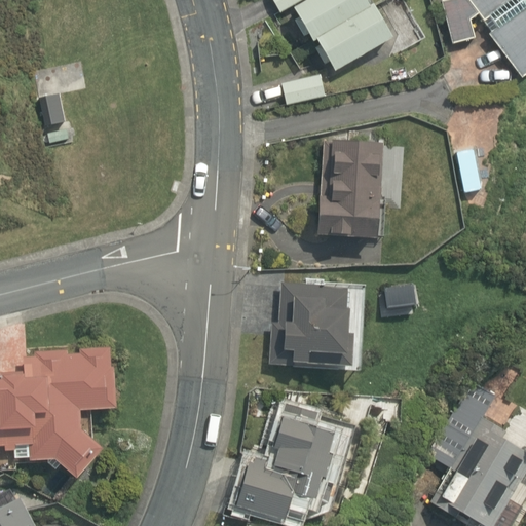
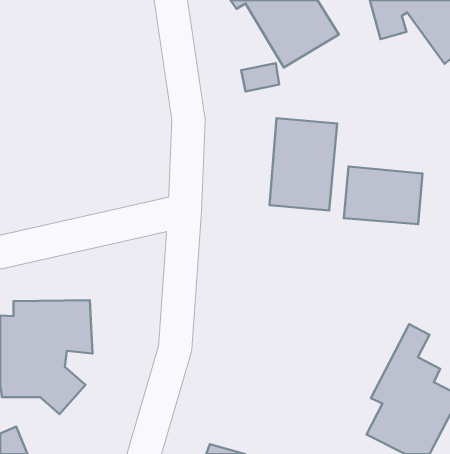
building: none -> [344,167,423,224]
building: [271,276,364,372] -> none
building: [232,404,339,513] -> none

